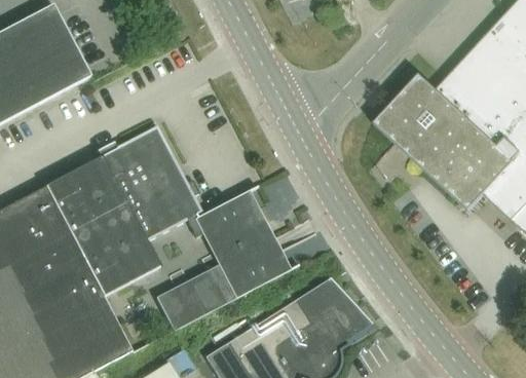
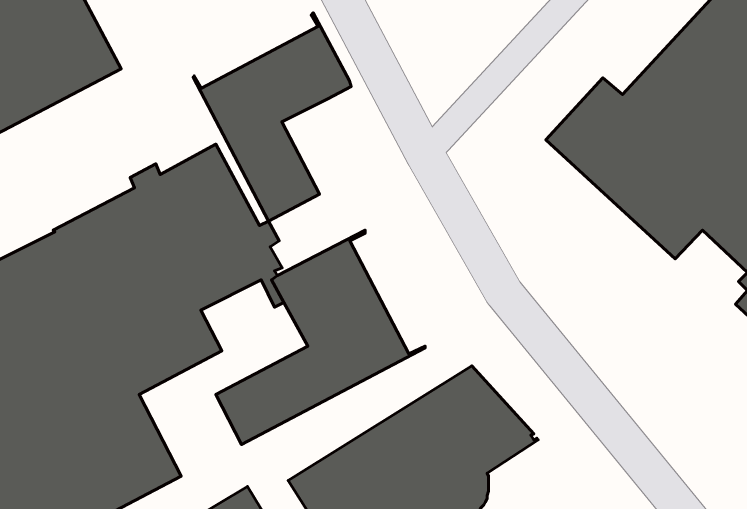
building: none -> [193,13,351,221]

